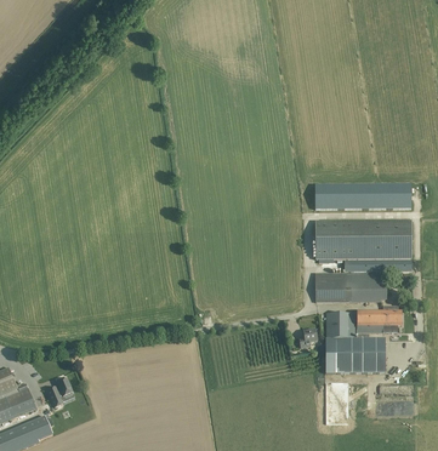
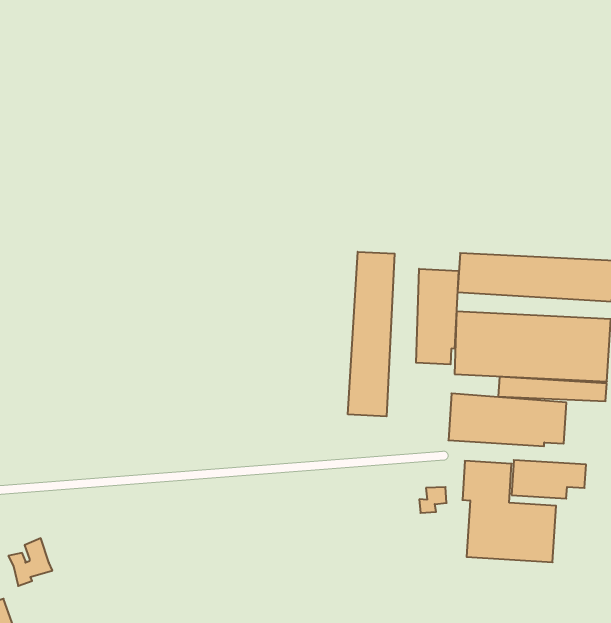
building: none -> [348,252,395,416]
building: none -> [416,269,458,364]

